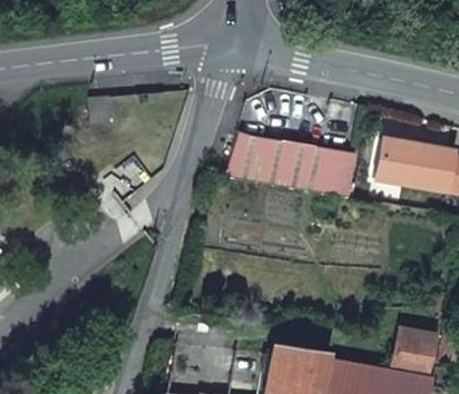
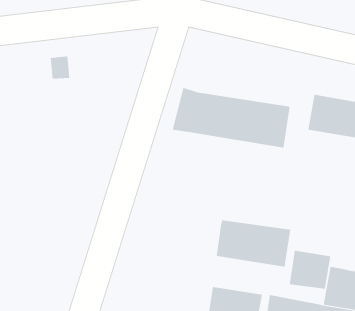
building: none -> [216,219,291,268]
building: none -> [289,250,331,290]

